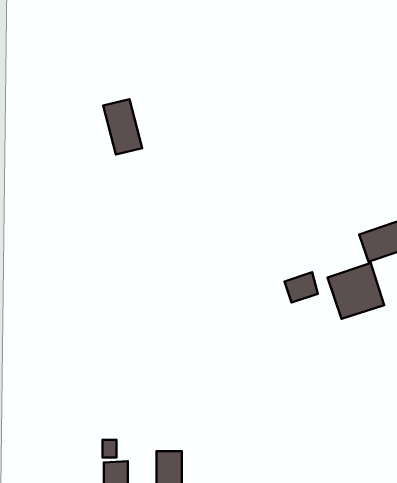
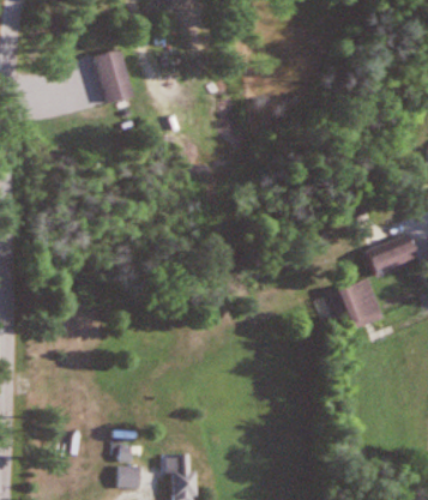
building: [103,99,142,154] -> [95,49,132,102]
building: [285,272,318,303] -> none

